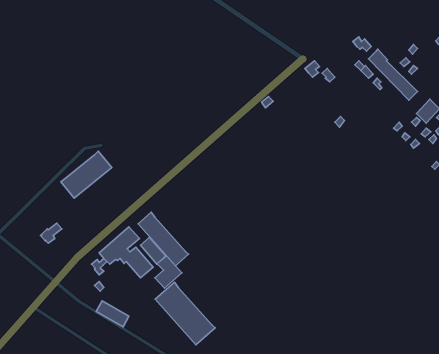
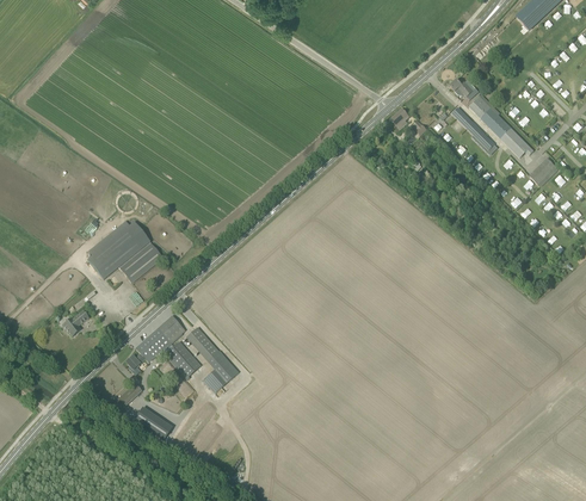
building: none -> [119,242,162,282]
building: [138,212,188,266] -> none
building: [155,282,215,345] -> none

